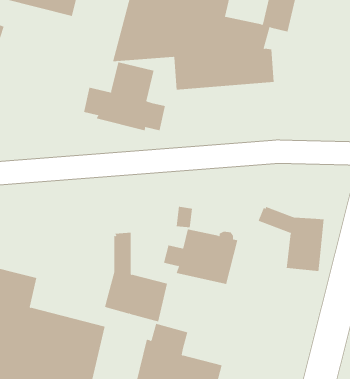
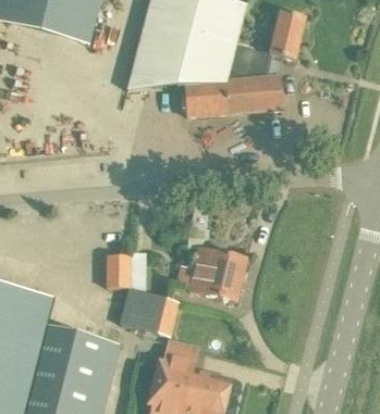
building: [83,61,165,131] -> none
building: [258,206,324,272] -> none
building: none -> [107,255,128,288]

